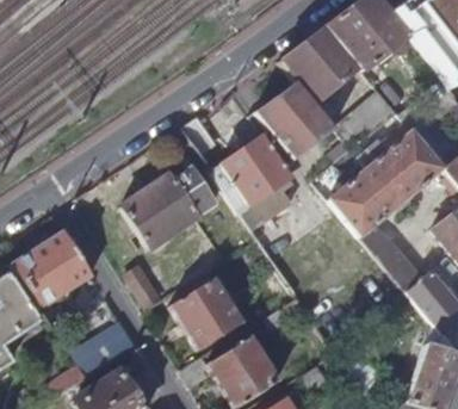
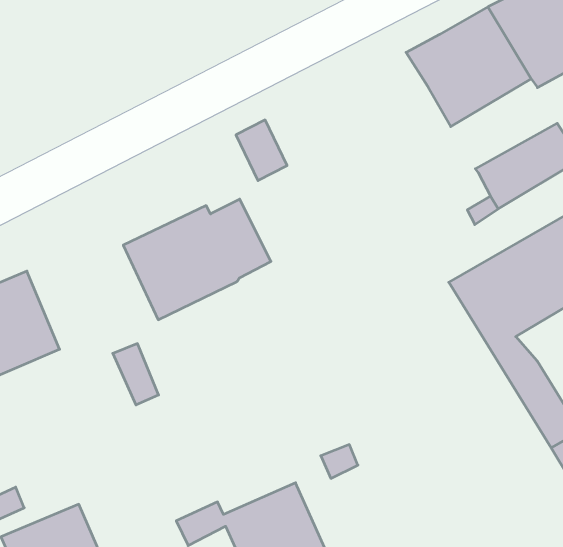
building: [211,79,332,230] -> none
building: [172,275,242,348] -> none
building: [89,321,138,366] -> none

